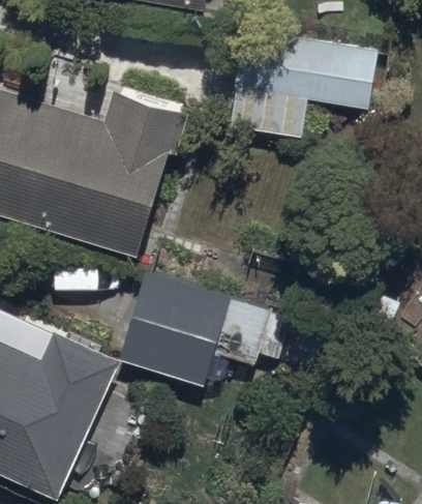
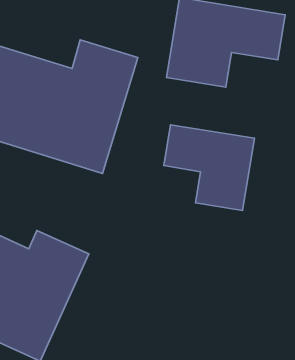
building: none -> [164,125,254,211]
building: [122,271,275,388] -> none

